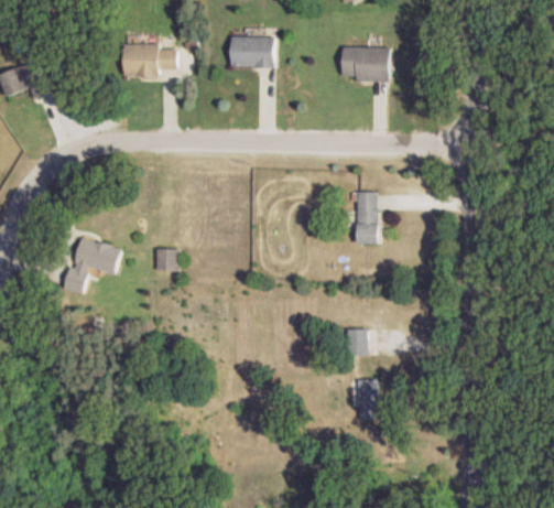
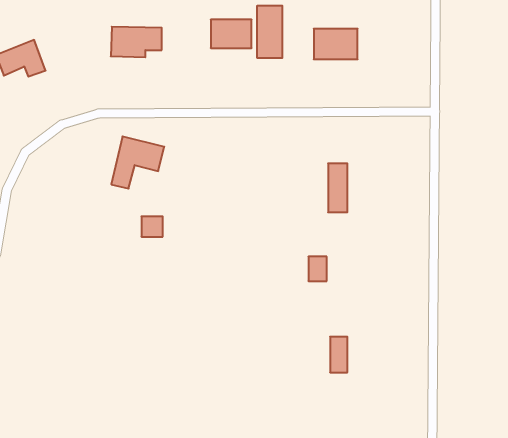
building: none -> [257,6,282,58]
building: [63,237,120,293] -> [111,136,164,189]
building: [347,328,367,355] -> [308,257,327,281]

